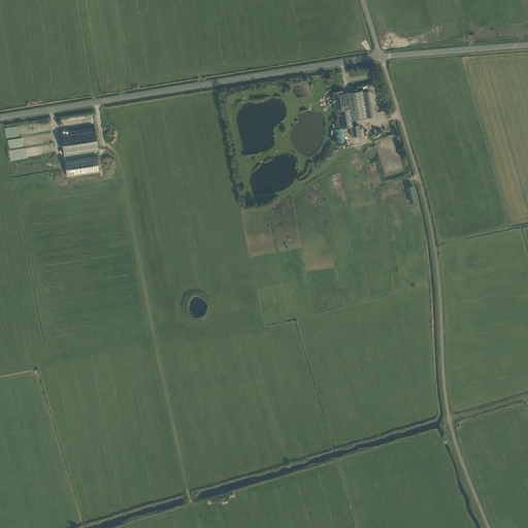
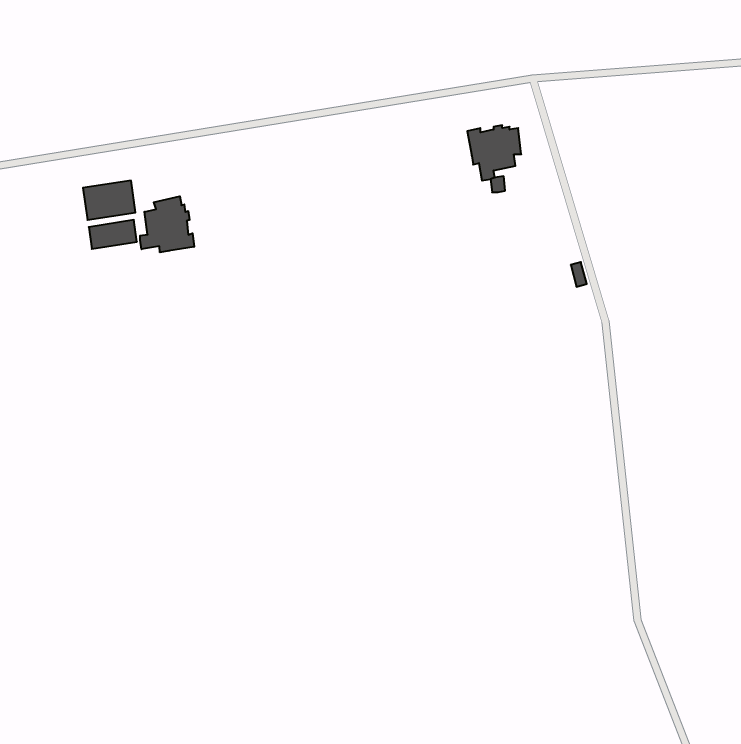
building: none -> [140,196,194,252]

